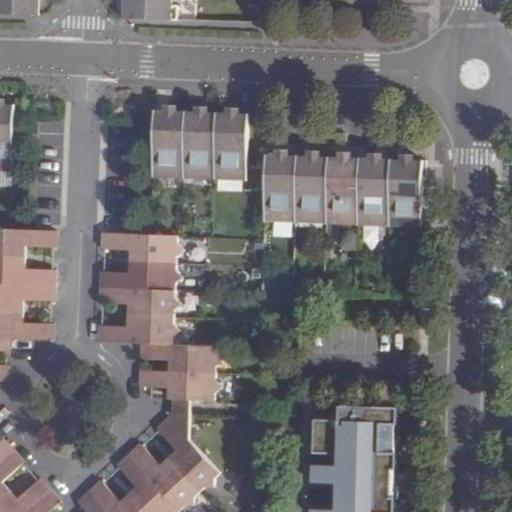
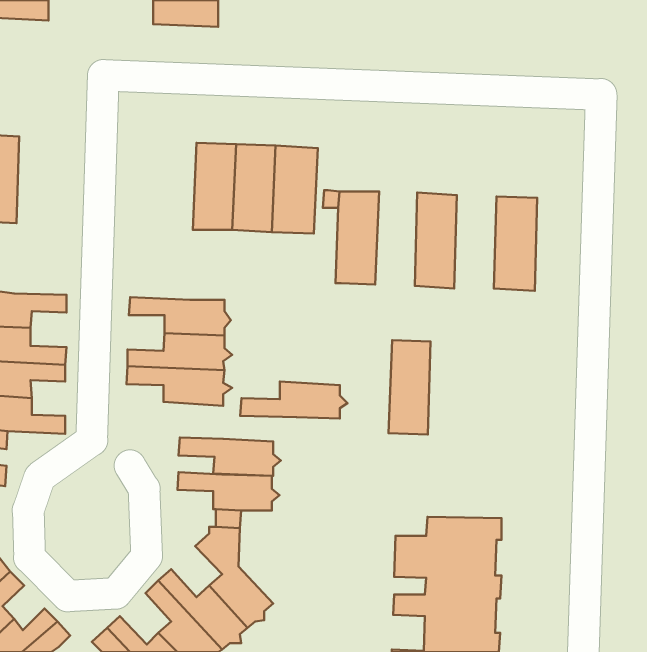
building: [294,150,327,224] -> [388,340,431,435]
building: [356,153,389,226] -> none
building: [97,315,181,344] -> [240,381,347,418]

